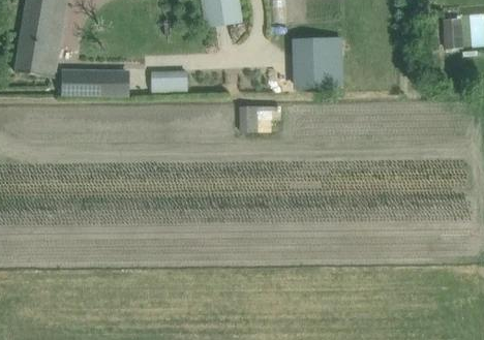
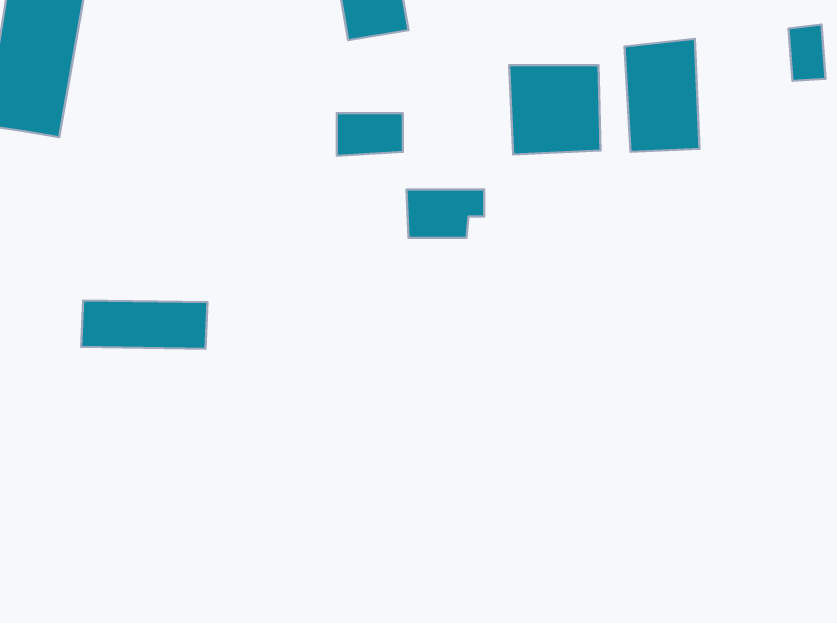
building: none -> [624,39,700,152]
building: [61,70,128,96] -> [81,300,207,349]
building: [152,71,187,94] -> [337,113,403,156]

